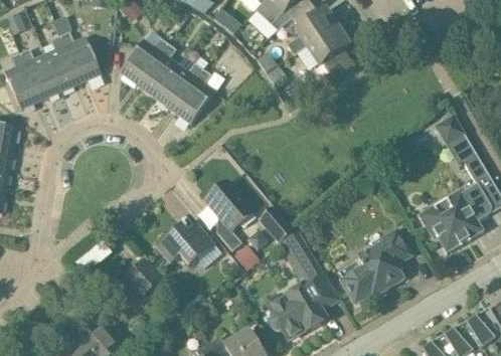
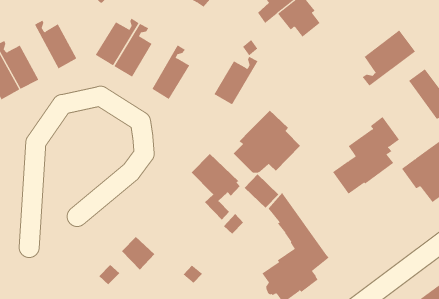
building: [44,34,80,91] -> none
building: [155,61,203,110] -> [214,56,258,105]
building: none -> [362,30,416,87]
building: none -> [233,110,301,174]
building: [157,223,221,266] -> none
building: [339,228,410,305] -> [332,116,400,195]

